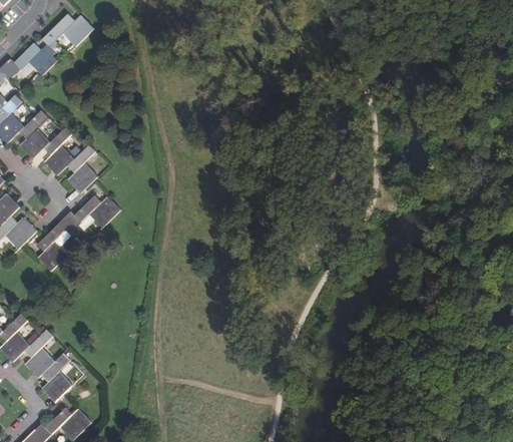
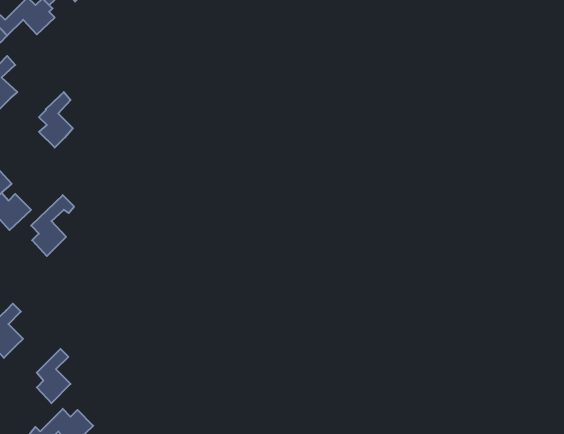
building: [18,110,49,158] -> none
building: [66,144,97,193] -> none
building: [64,194,119,228] -> none
building: [23,329,55,378] -> none

